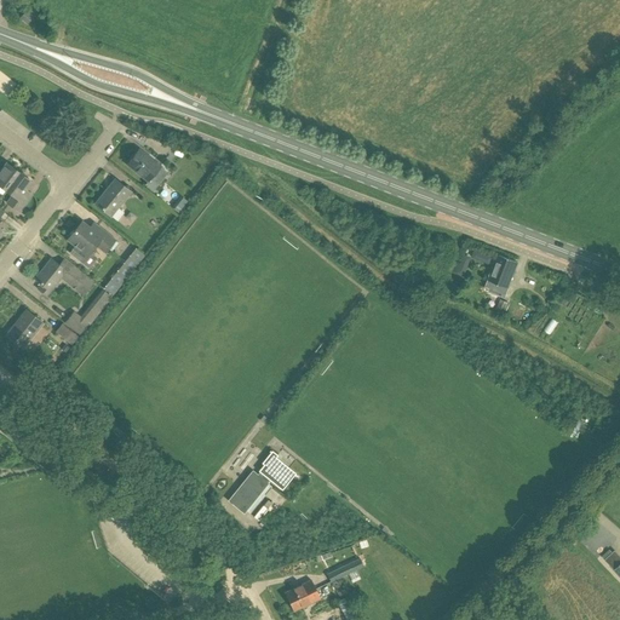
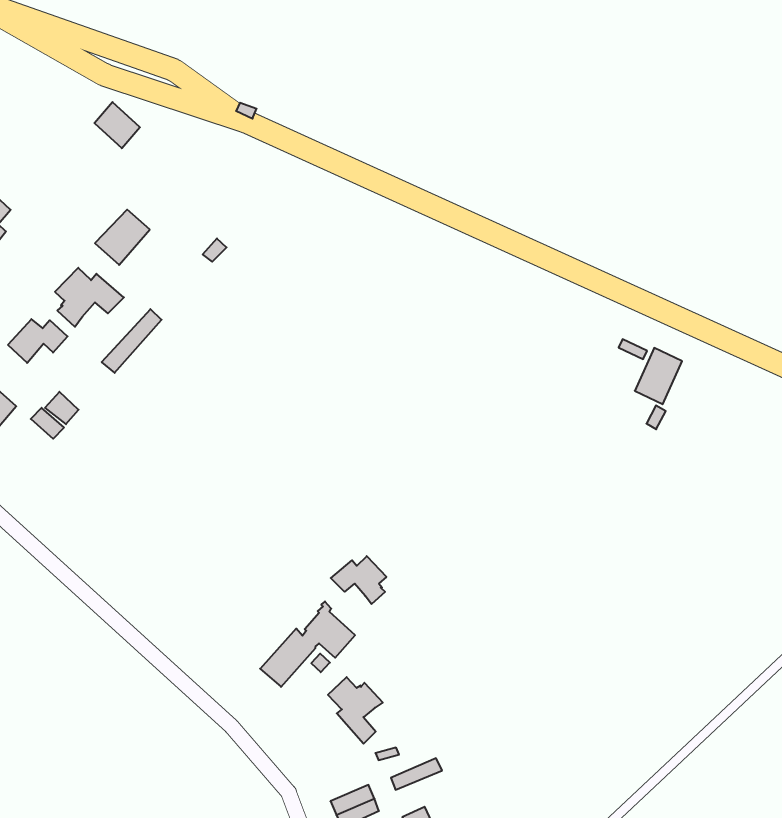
building: [127,148,160,180] -> [94,102,140,148]
building: none -> [331,556,386,604]
building: none -> [328,677,383,744]

